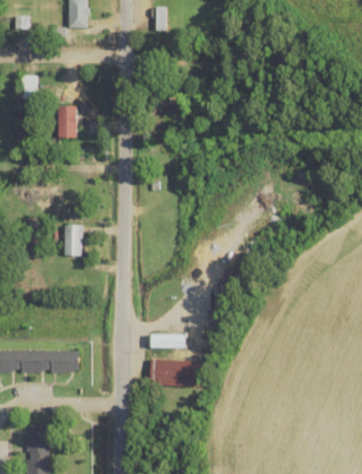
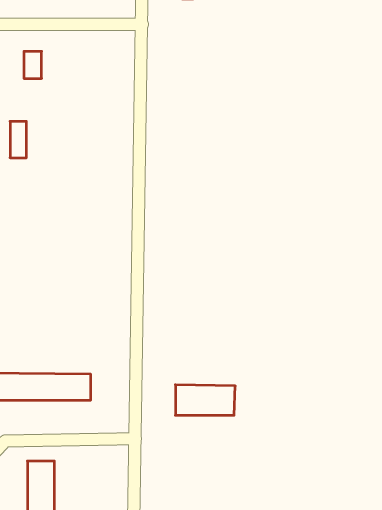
building: [62,106,76,137] -> [10,121,26,158]
building: [64,224,82,255] -> none
building: [151,333,187,351] -> none

